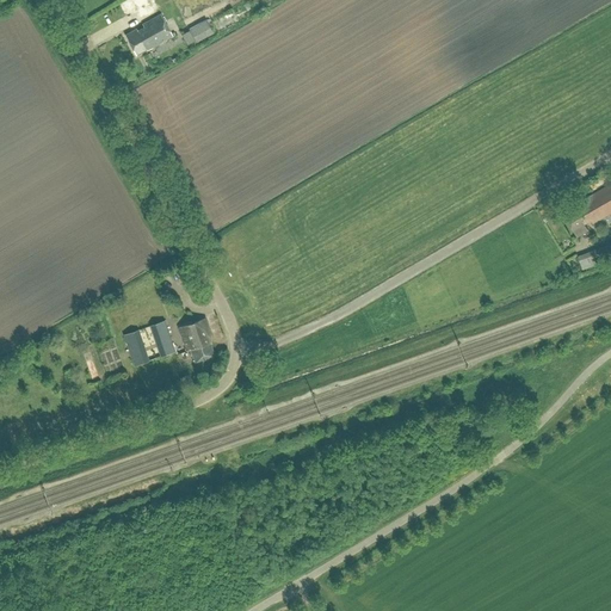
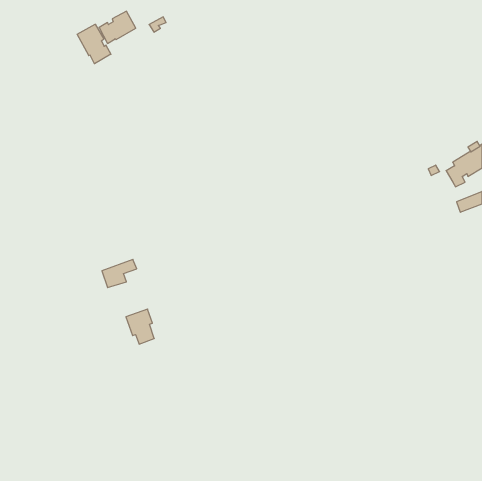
building: none -> [77,24,111,64]
building: [178,319,214,363] -> [126,309,154,344]

